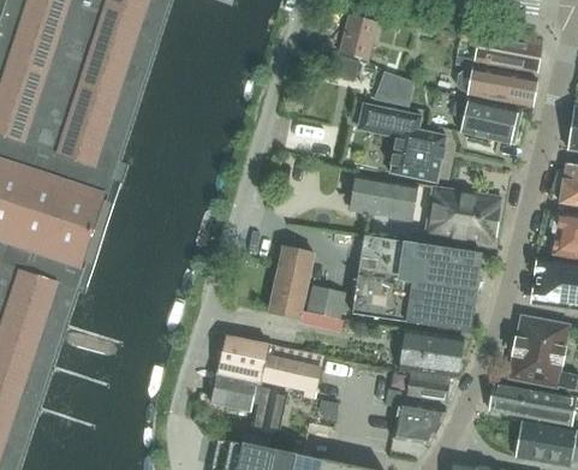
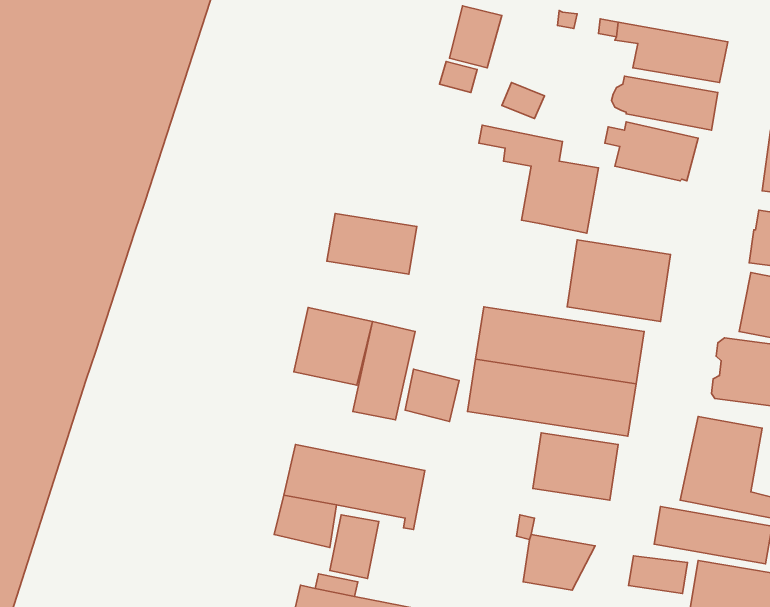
building: [351,175,417,220] -> [327,214,417,274]
building: none -> [294,307,372,385]
building: [406,373,449,400] -> [628,556,687,594]

